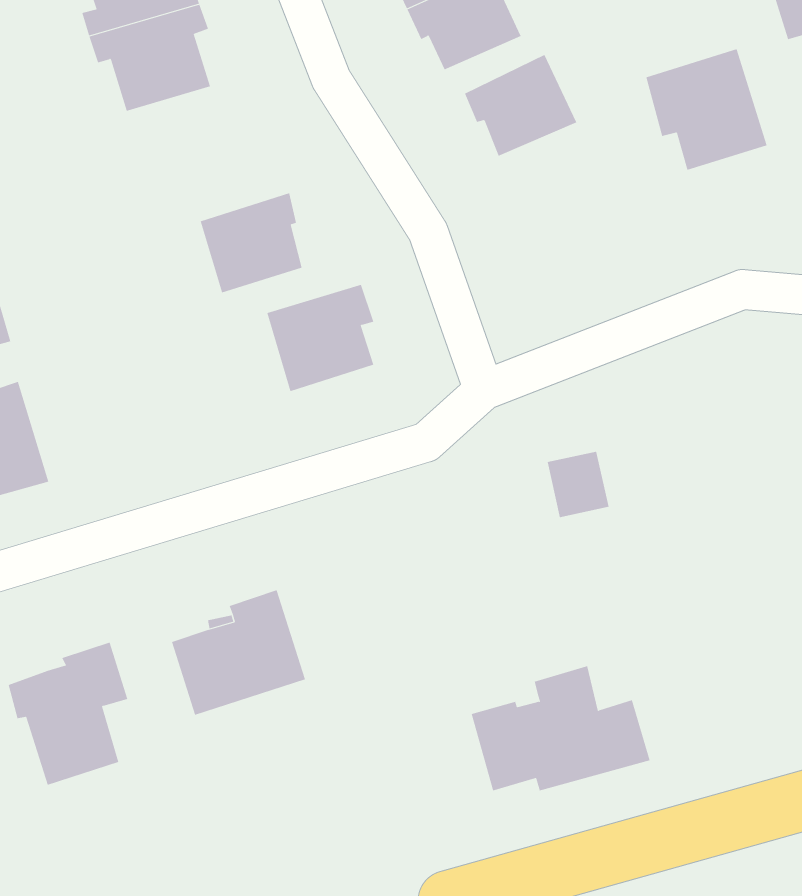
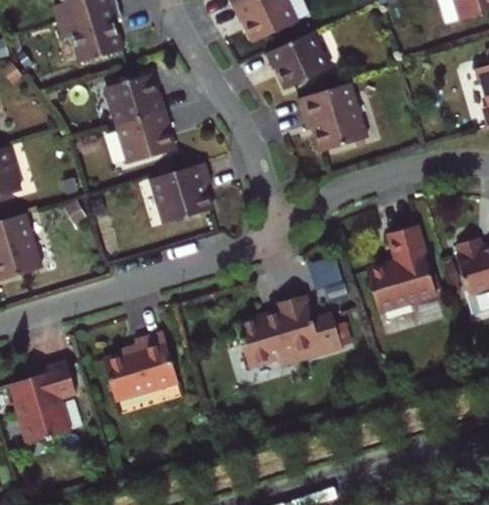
building: [645,48,768,171] -> [297,82,366,150]
building: none -> [106,74,167,125]
building: none -> [366,224,435,308]
building: [471,665,651,791] -> [239,297,340,368]

